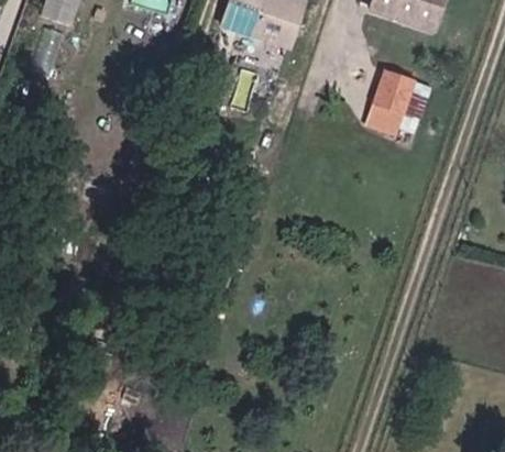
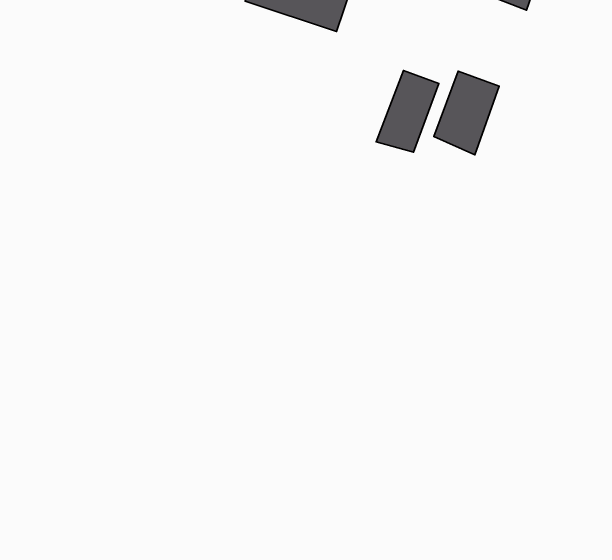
building: none -> [376,70,439,152]

